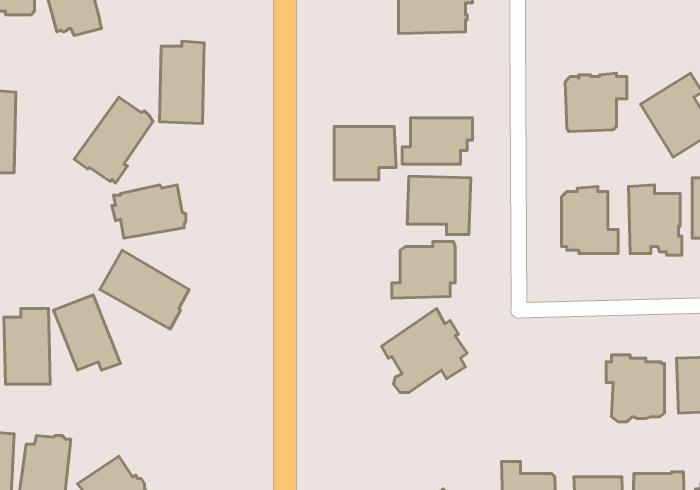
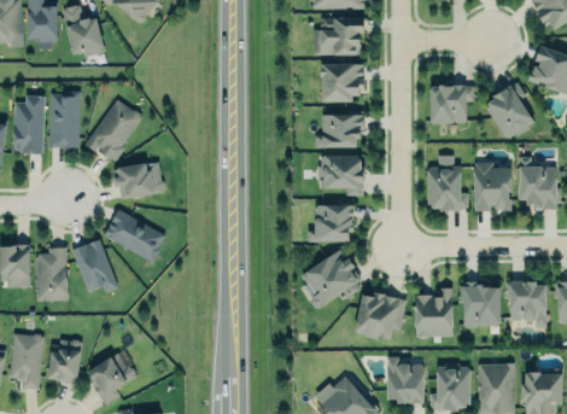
building: [160,41,204,124] -> [48,91,80,148]
building: [334,126,396,180] -> [321,65,364,103]
building: none -> [415,287,451,338]
building: none -> [353,292,405,339]

